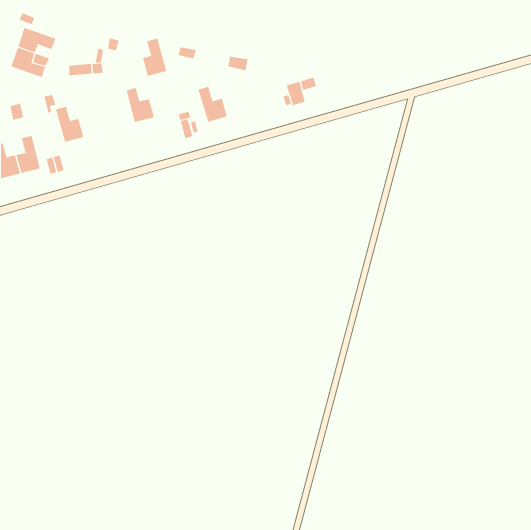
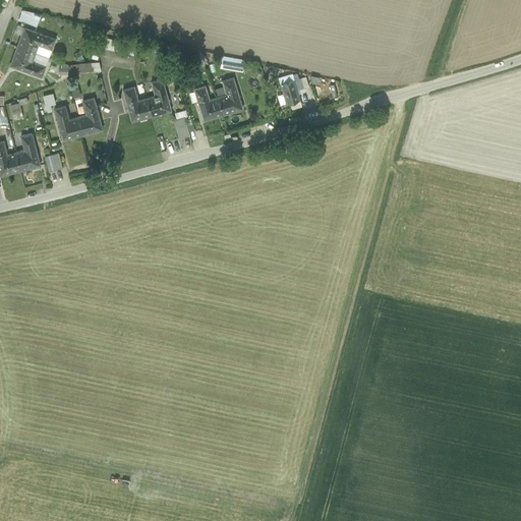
building: [142,38,167,76] -> [147,77,171,115]
building: none -> [218,76,242,114]
building: none -> [77,97,102,134]

